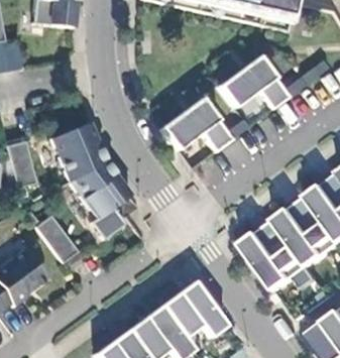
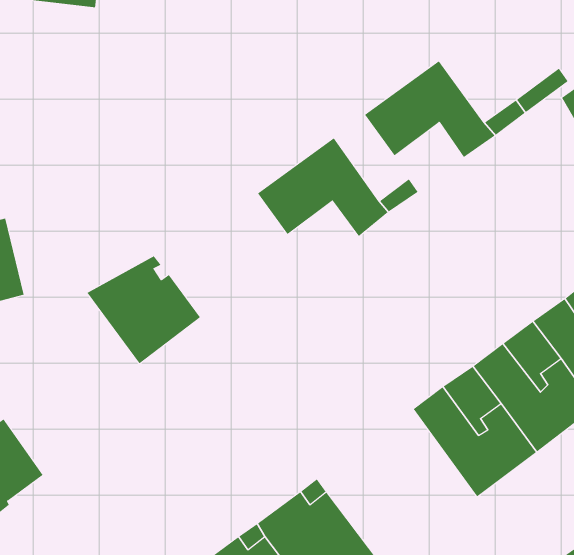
building: [52,122,107,182] -> none
building: [37,215,80,263] -> none

